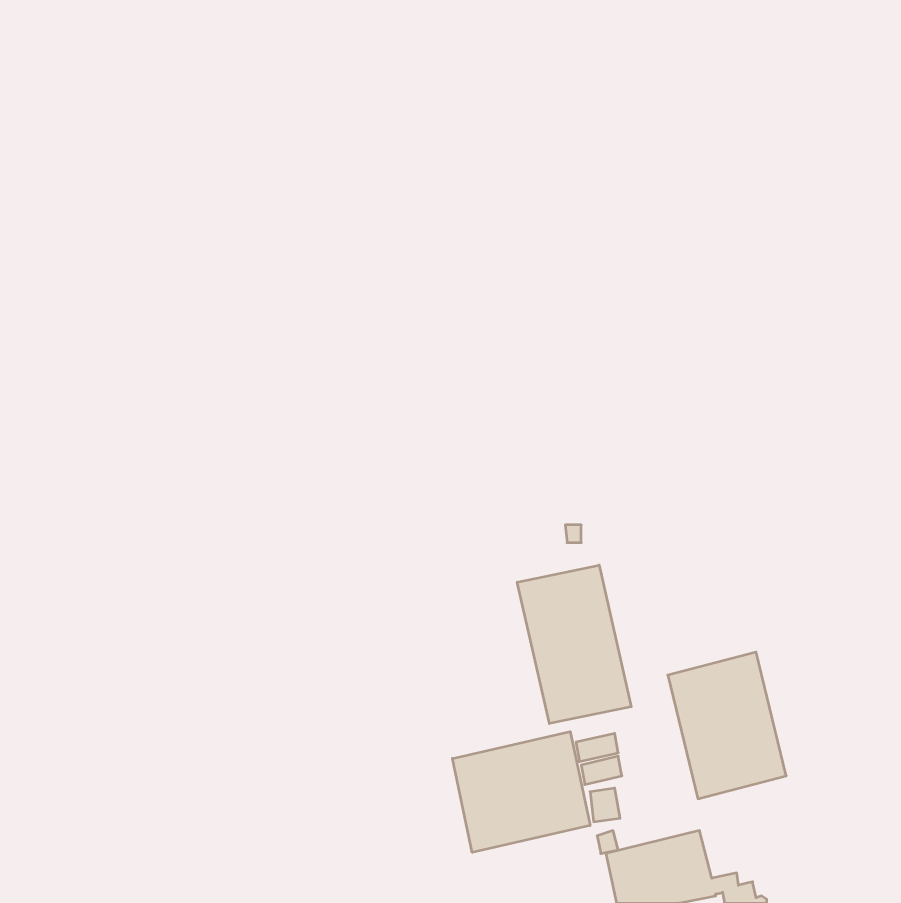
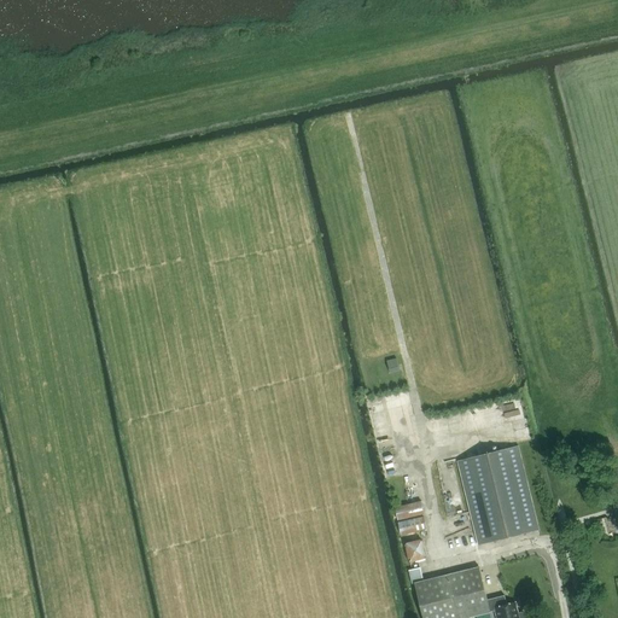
building: [517,565,631,724] -> none
building: [452,732,590,852] -> none

